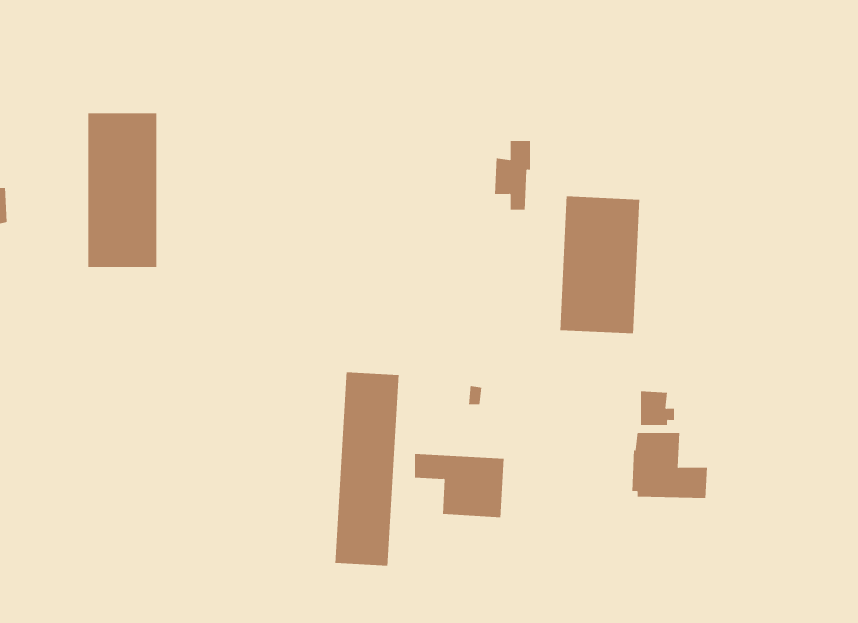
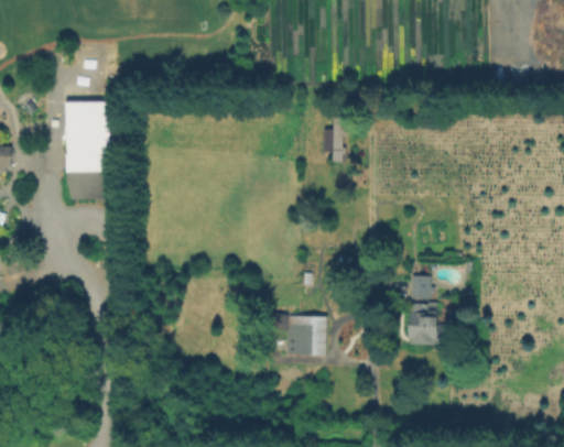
building: [560,196,640,334] -> none
building: [335,372,399,567] -> none

